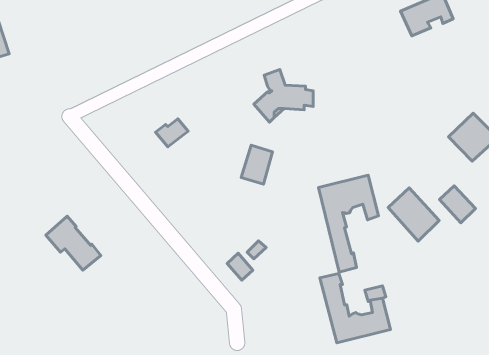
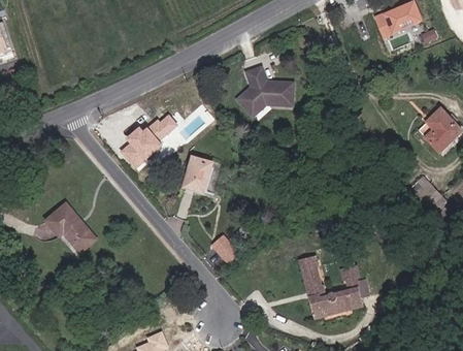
building: none -> [119,125,161,167]
building: [241,145,272,184] -> [184,156,212,192]
building: [318,175,378,272] -> none
building: [388,188,439,241] -> none

